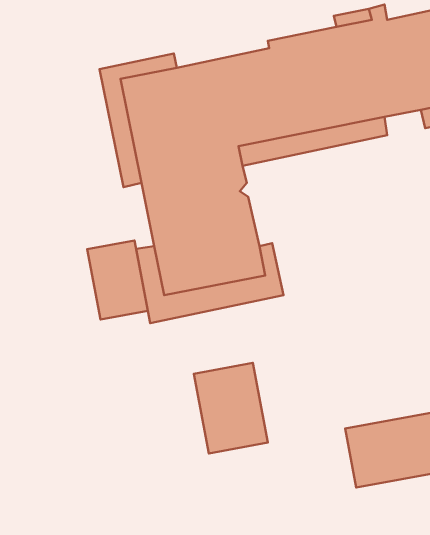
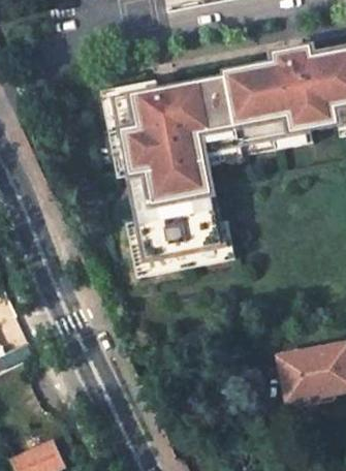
building: [87,240,148,319] -> none
building: [194,363,268,453] -> none

